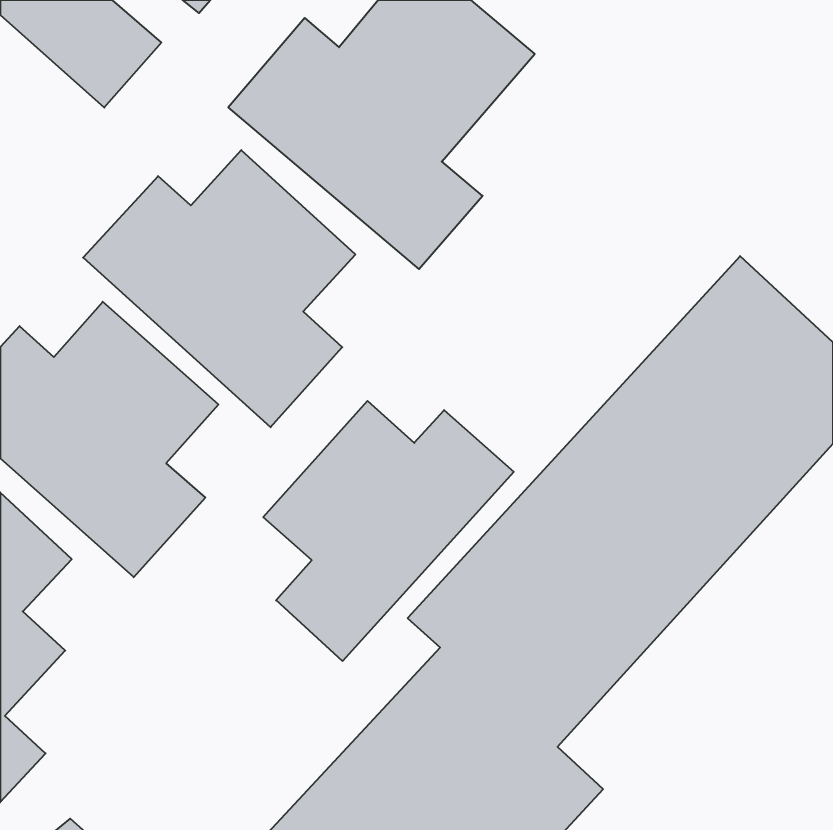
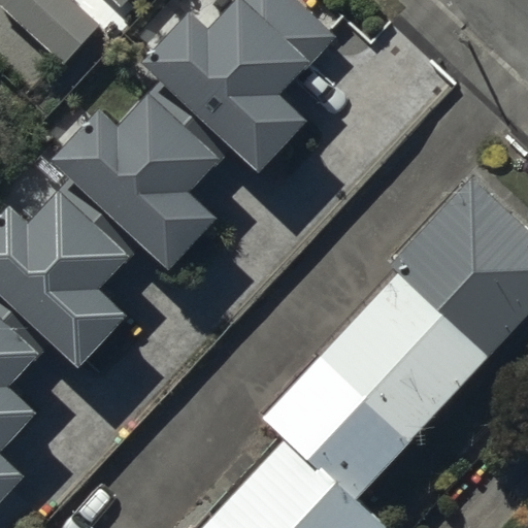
building: [263,401,514,661] -> none

